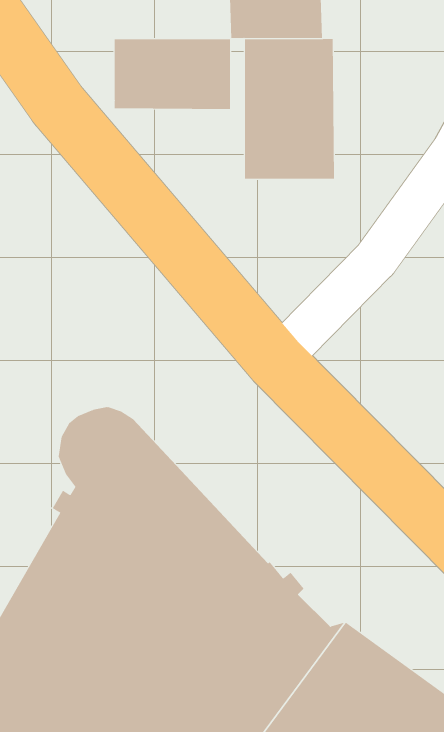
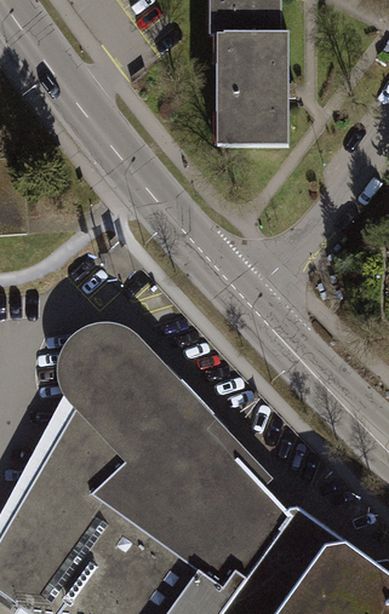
building: [114,38,230,110] -> none

